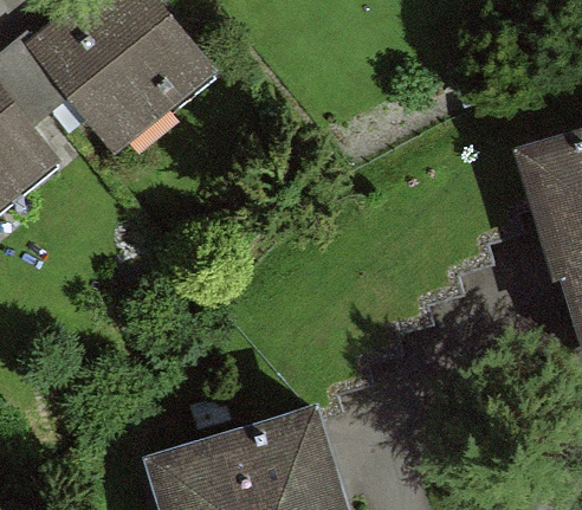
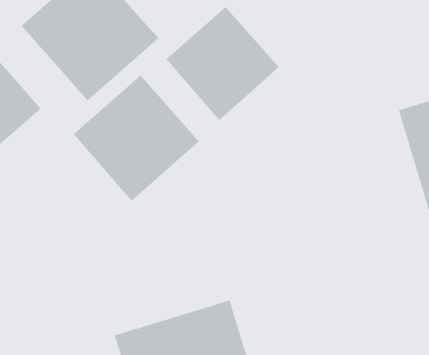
building: none -> [165,6,280,121]
building: none -> [73,74,199,202]

